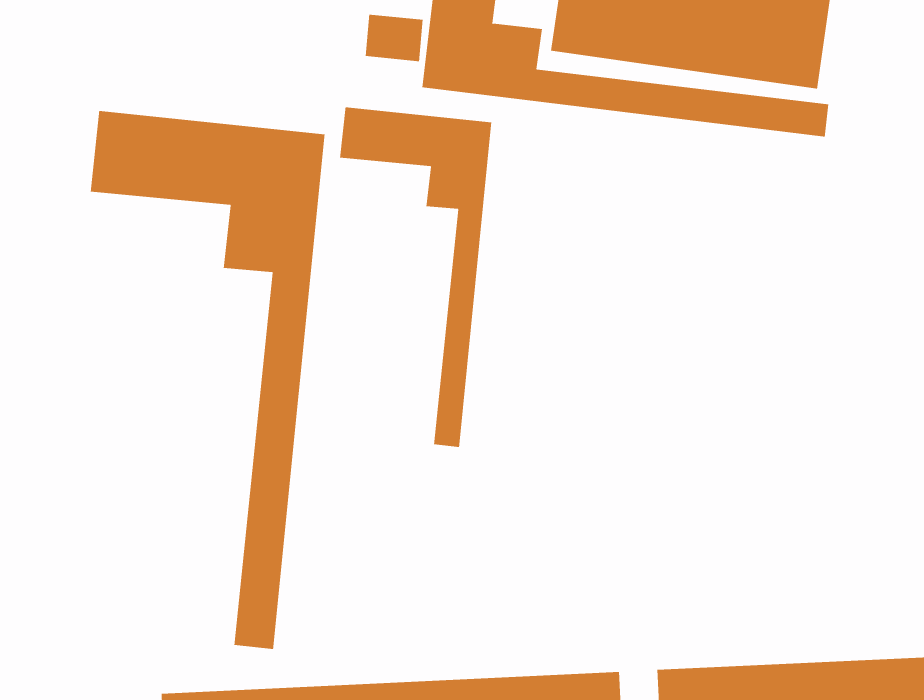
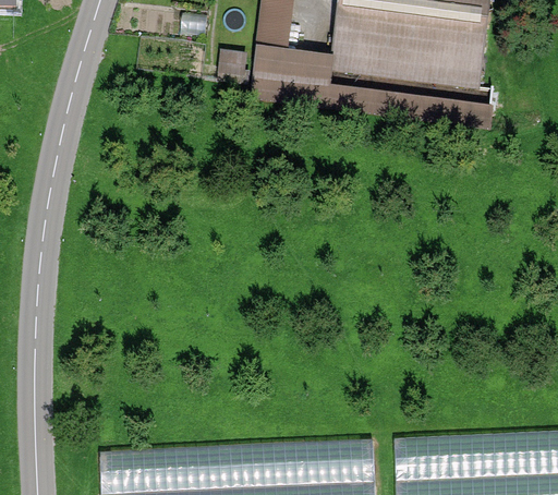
building: [340,106,492,448] -> none
building: [90,110,325,650] -> none

